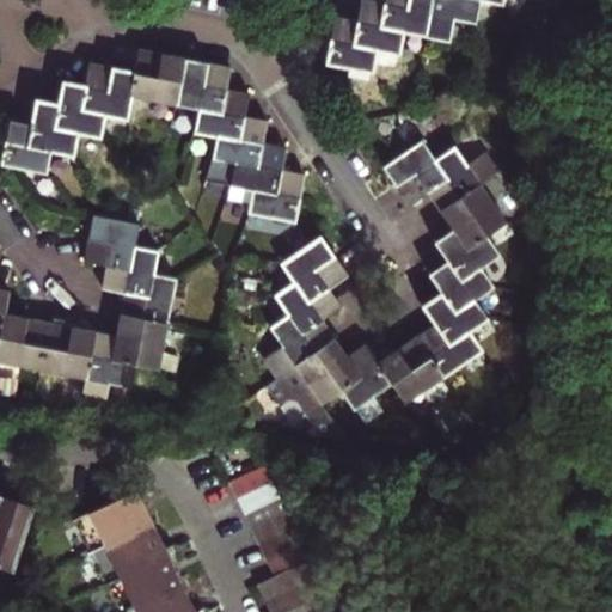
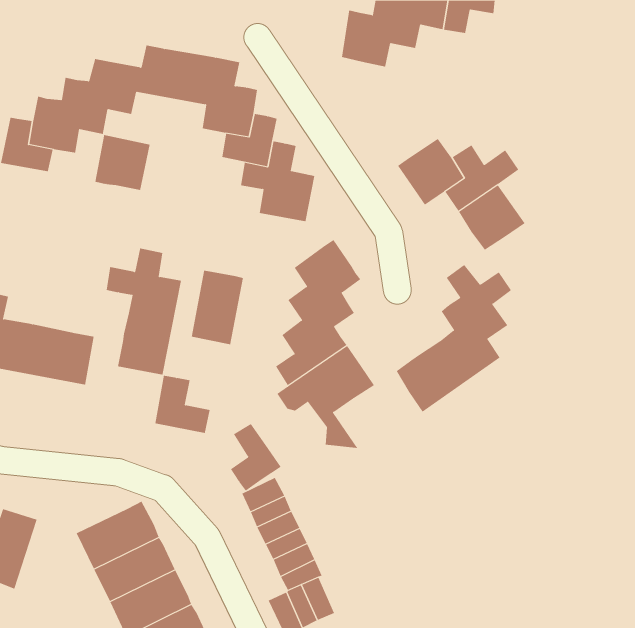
building: [85,215,139,269] -> [95,135,151,191]
building: [434,231,498,281] -> none
building: none -> [191,270,243,345]
building: [82,331,136,387] -> [154,375,210,434]
building: [339,347,392,411] -> none
building: none -> [230,423,281,491]

